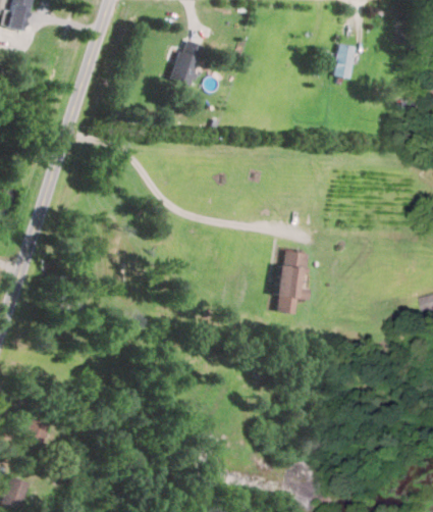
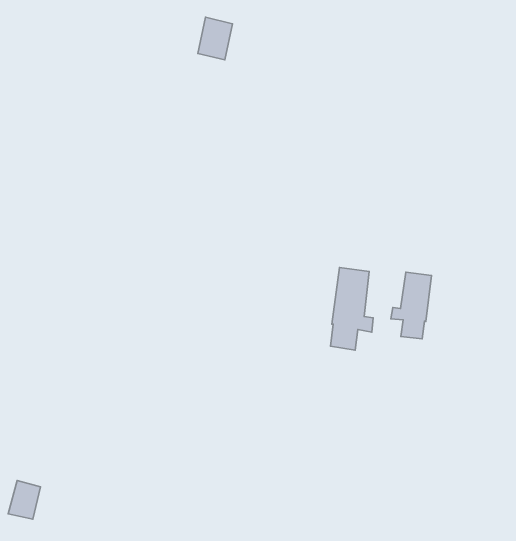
building: [335,44,355,76] -> none
building: none -> [391,272,431,339]

